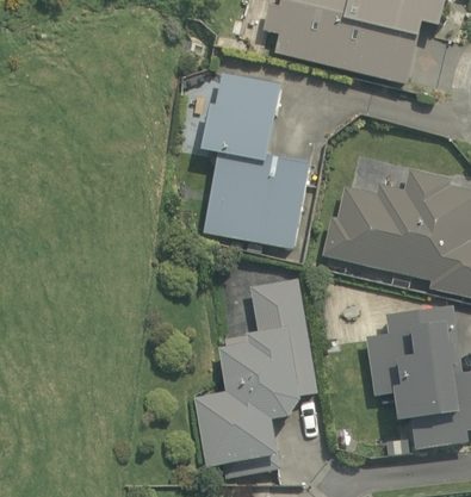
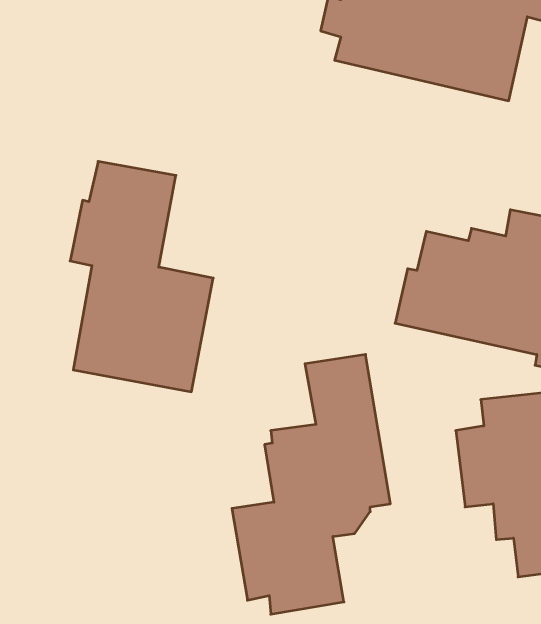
building: [199,73,309,249] -> [70,161,213,392]

